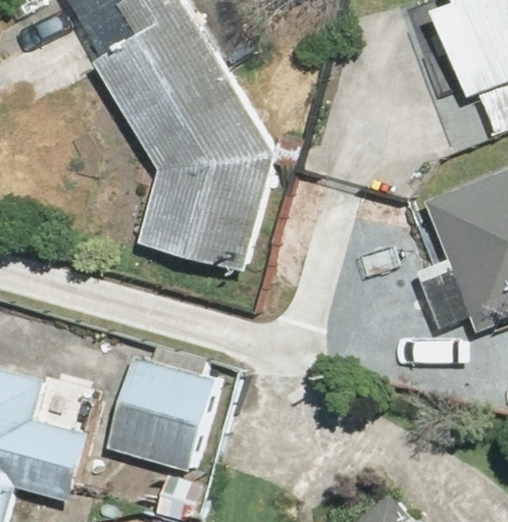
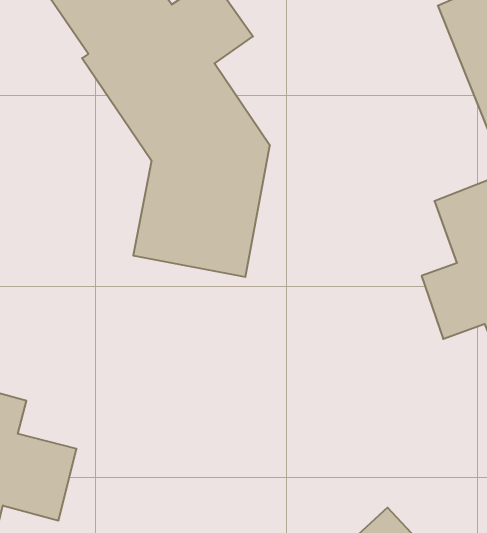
building: [106,347,212,472] -> none

